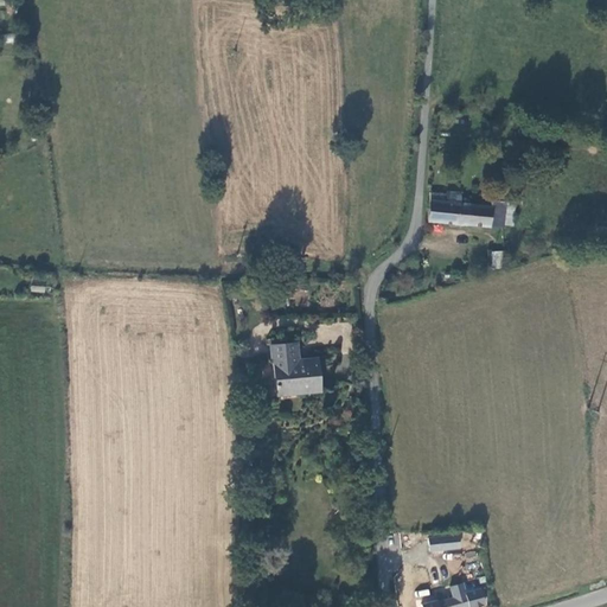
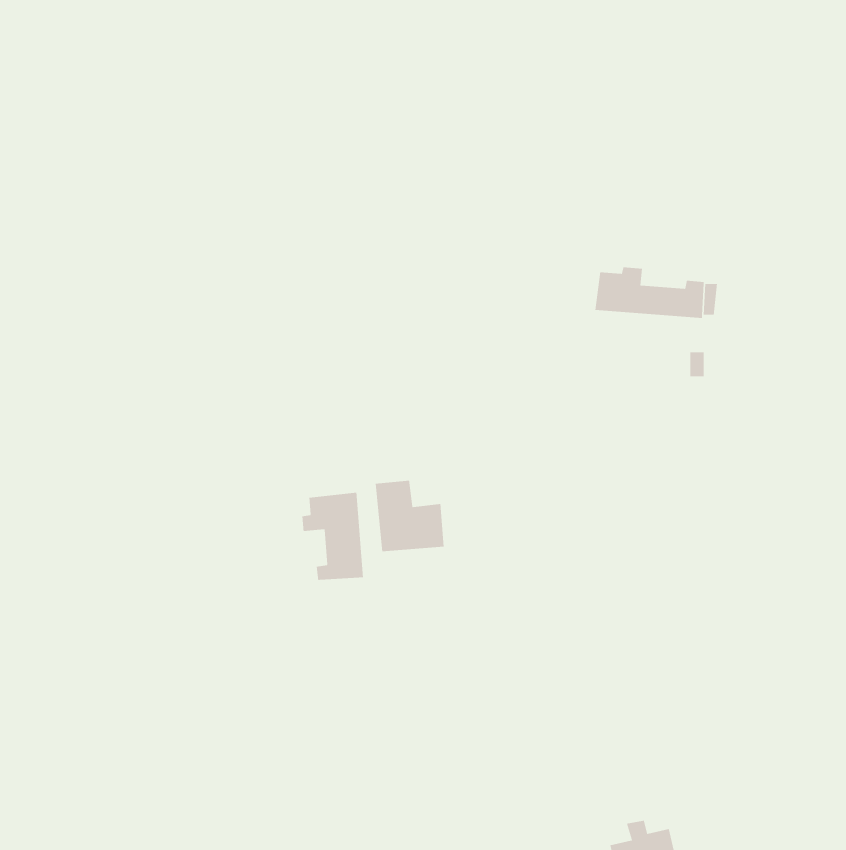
building: none -> [302,492,364,581]
building: [432,533,465,552] -> none

